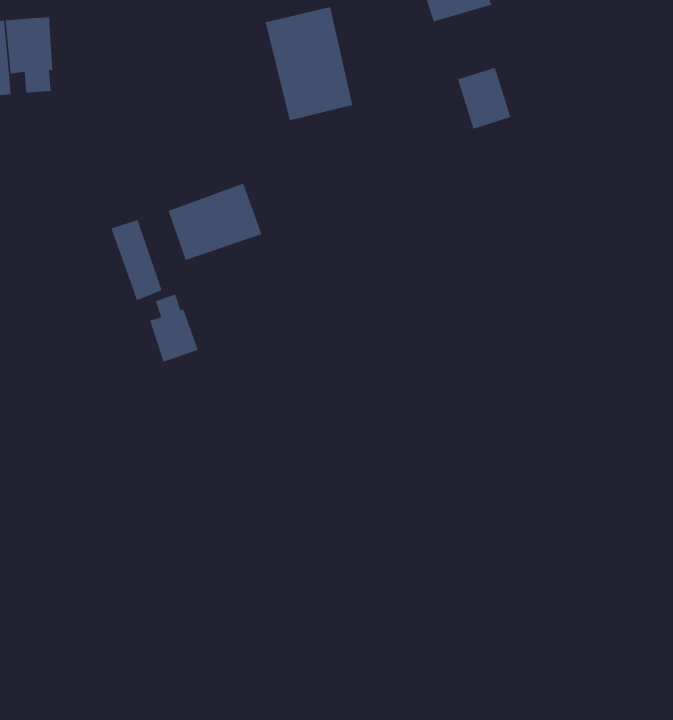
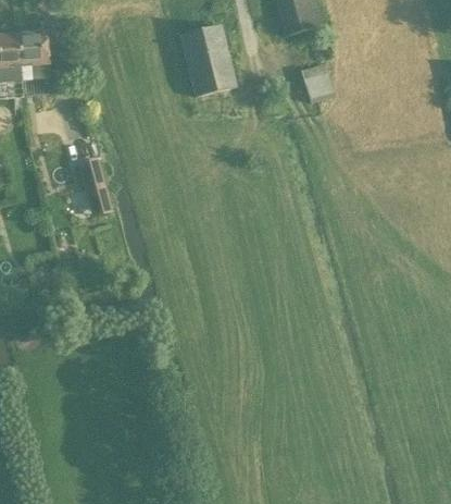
building: [168,183,262,261] -> none
building: [149,293,199,362] -> none

